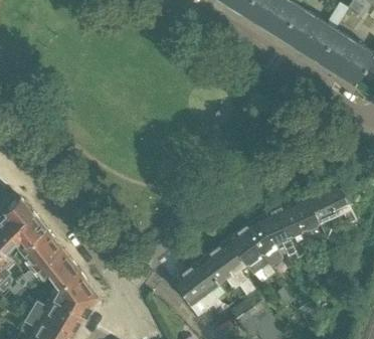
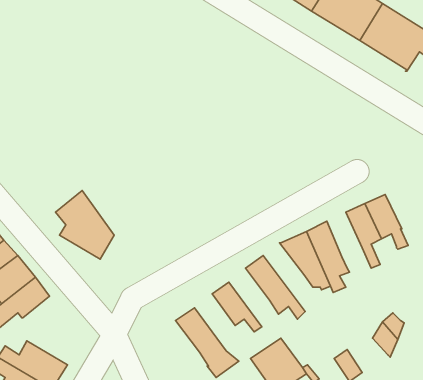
building: [291,195,326,244] -> none
building: [240,219,280,274] -> none
building: [213,239,252,295] -> none
building: [186,260,226,313] -> none
building: [50,262,97,316] -> [56,191,114,259]

